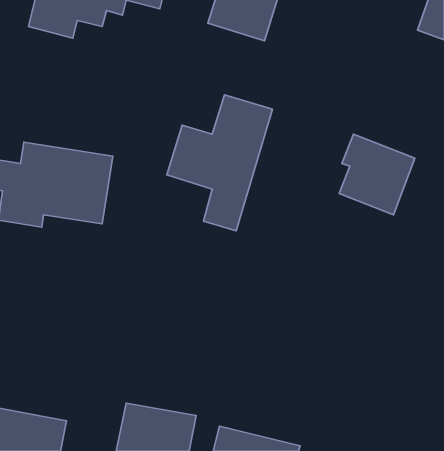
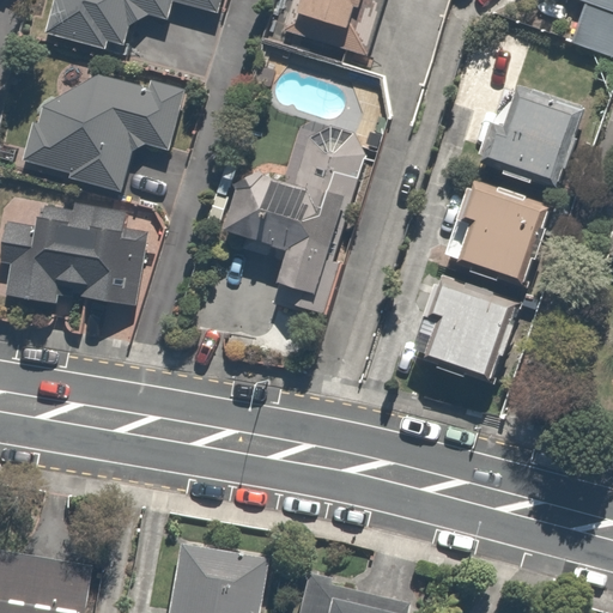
building: none -> [11,69,189,190]
building: none -> [479,84,594,188]
building: none -> [430,280,521,384]

